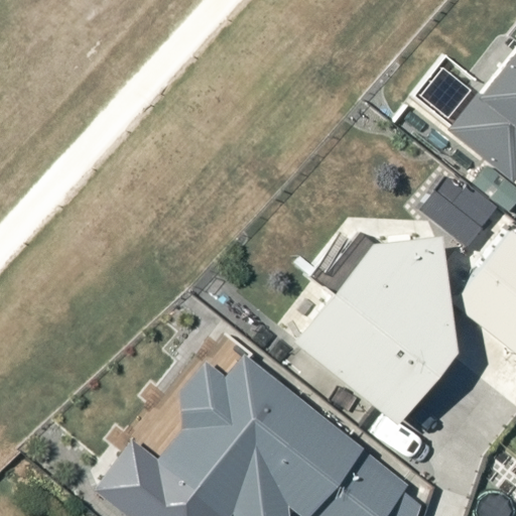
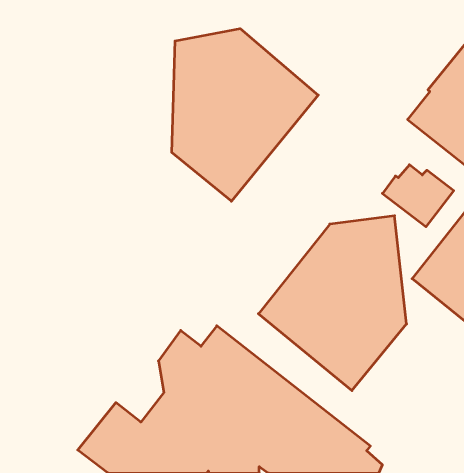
building: none -> [172,29,318,201]

